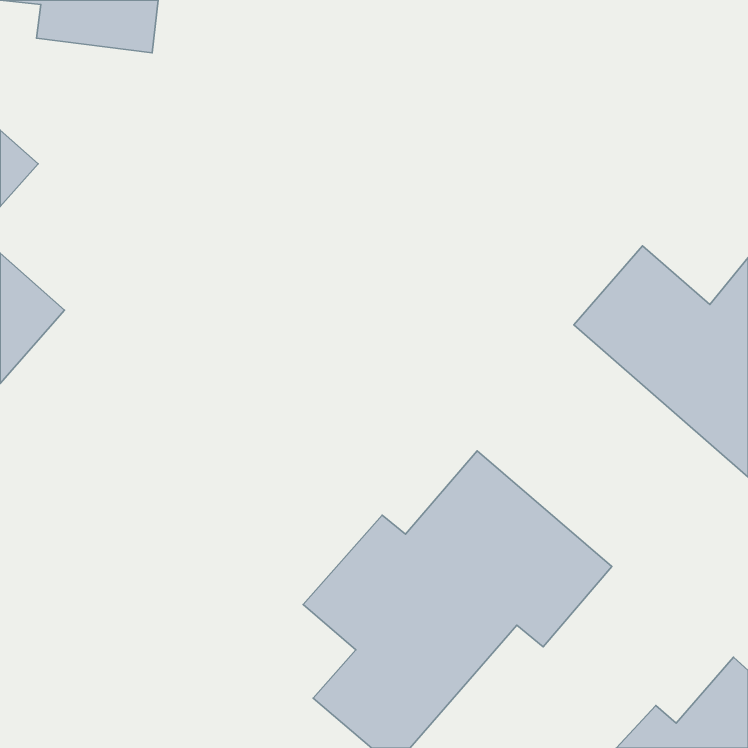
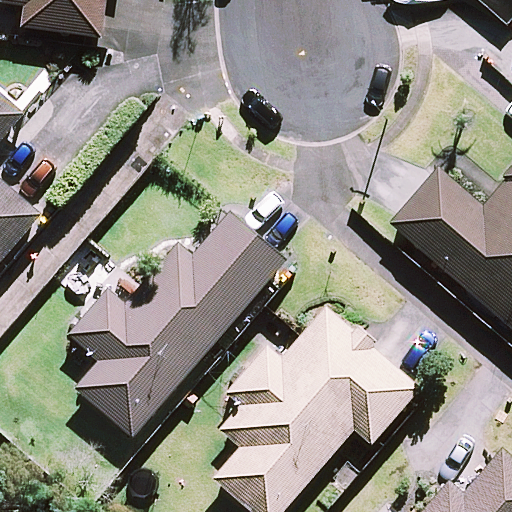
building: none -> [71,208,286,435]

